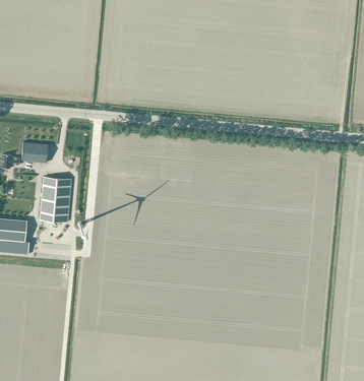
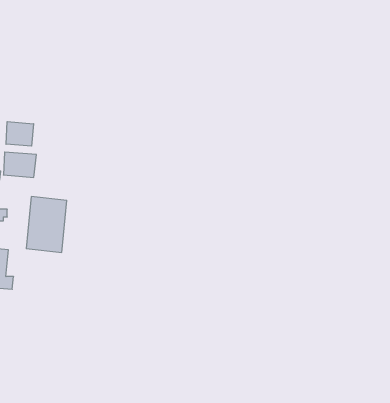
building: none -> [6,122,34,146]

